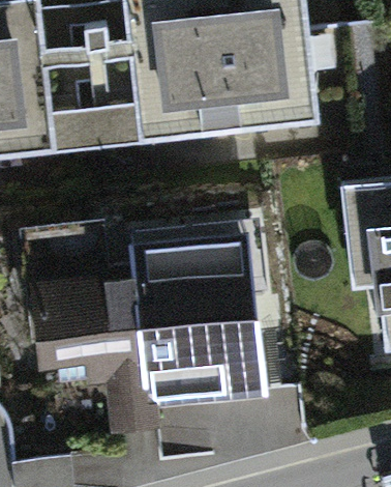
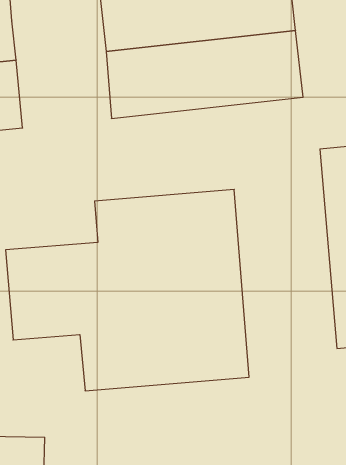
building: [39,40,137,153] -> none

